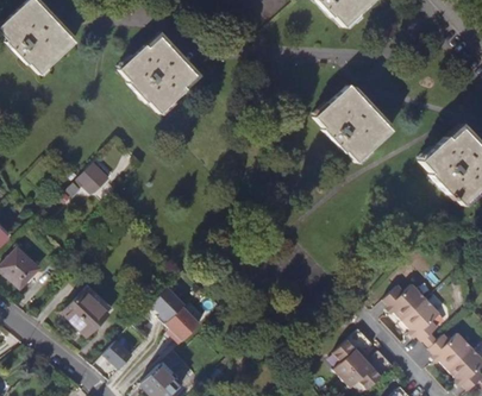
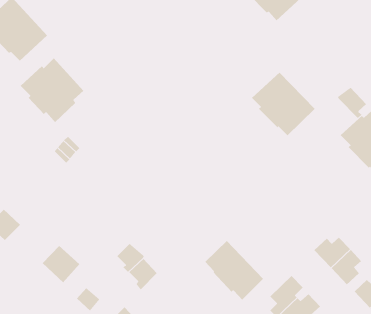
building: [119,36,195,113] -> [20,58,84,123]
building: none -> [337,87,367,119]
building: none -> [204,240,264,301]

